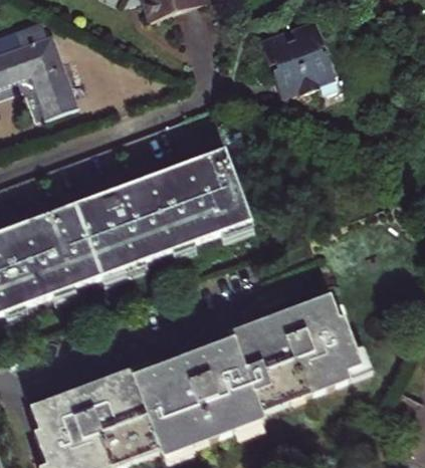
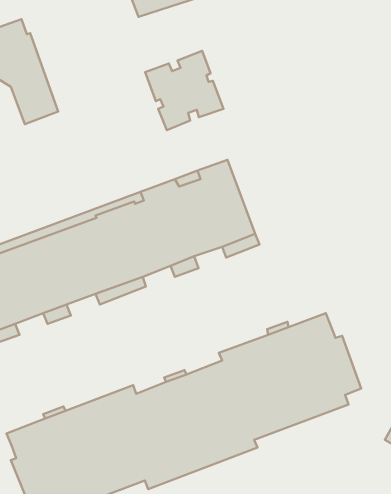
building: [259,19,333,93] -> [145,51,224,130]

